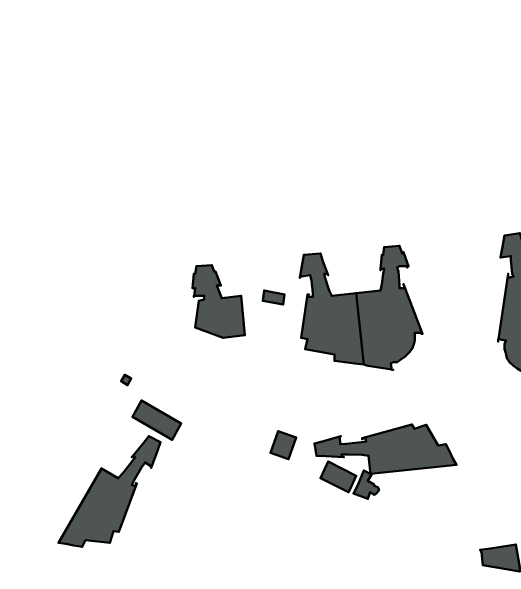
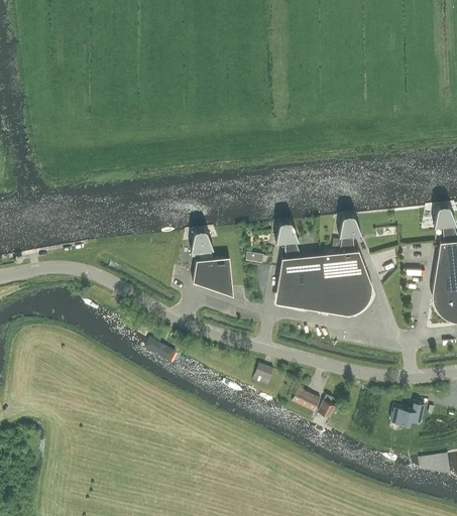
building: [315,425,456,474] -> none
building: [58,436,160,547] -> none
building: none -> [390,403,425,425]

